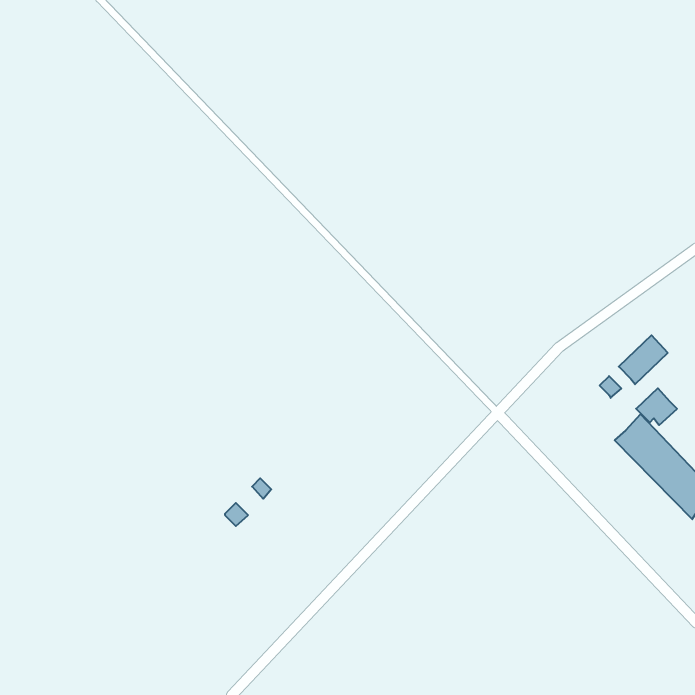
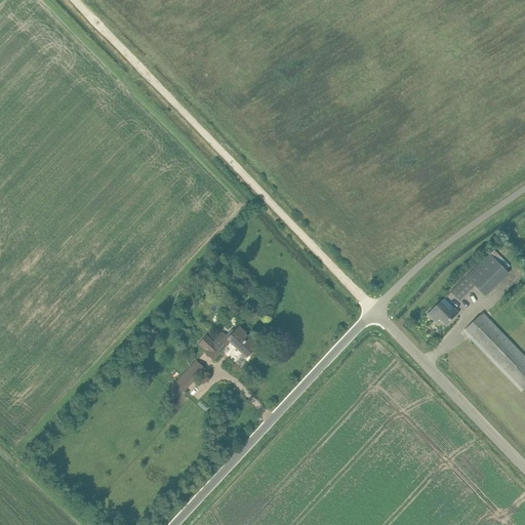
building: [636,388,677,425] -> [429,297,459,325]
building: none -> [200,327,258,358]

